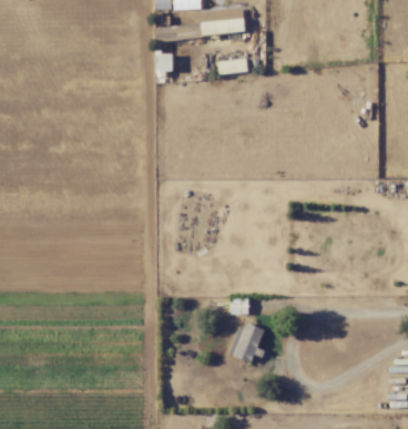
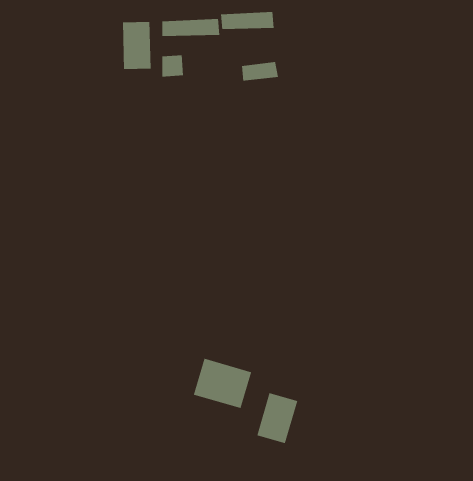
building: none -> [122,21,151,70]
building: none -> [193,358,252,409]

